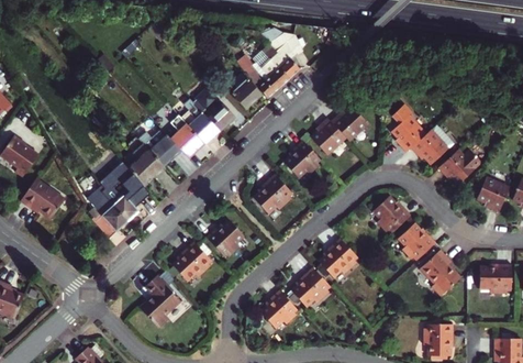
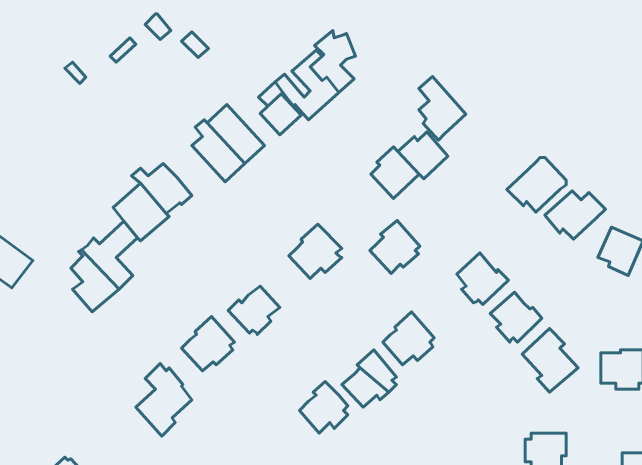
building: [391,107,425,153] -> [419,76,466,140]
building: [170,114,205,160] -> none
building: [283,141,320,179] -> [370,220,420,273]

